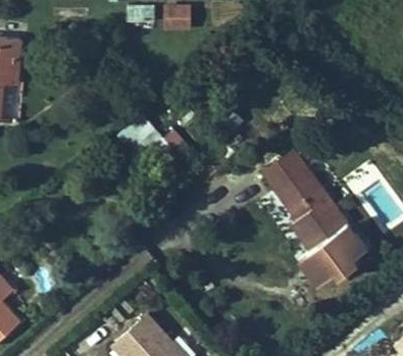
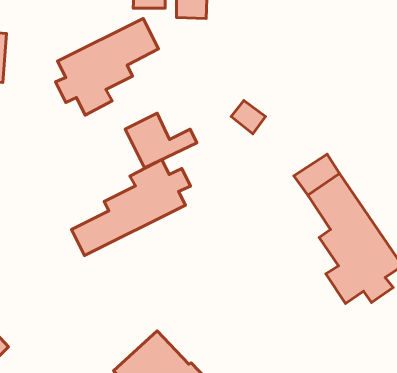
building: none -> [55,18,158,115]
building: none -> [72,160,191,256]

